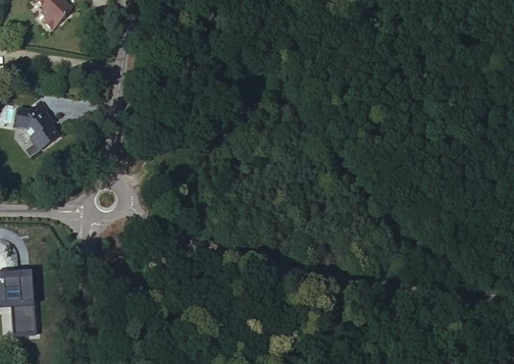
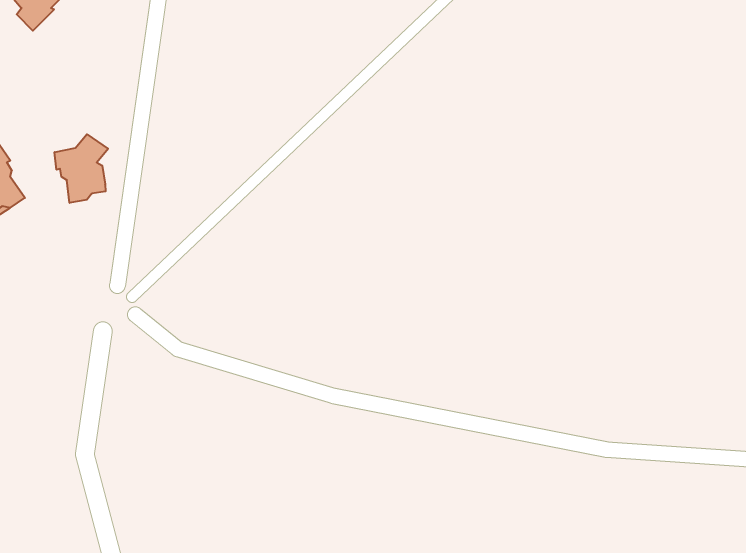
building: none -> [55,134,108,203]

